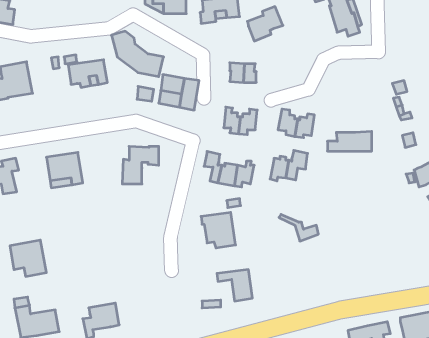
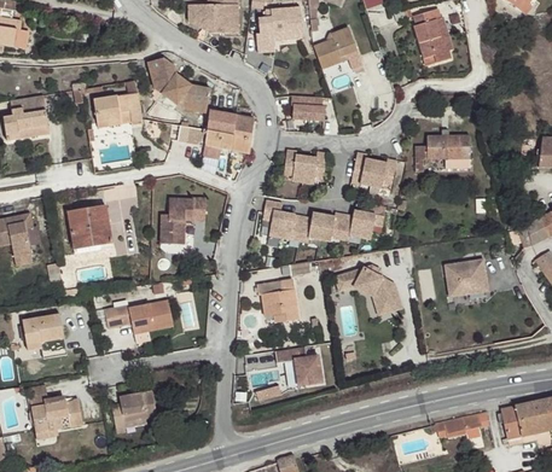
building: [327,131,372,151] -> [414,134,469,158]
building: none -> [316,211,345,246]
building: none -> [444,261,486,296]
building: none -> [332,263,397,299]
building: none -> [103,299,173,333]

